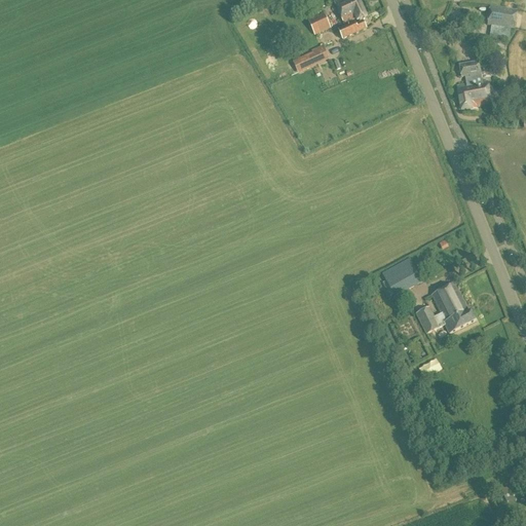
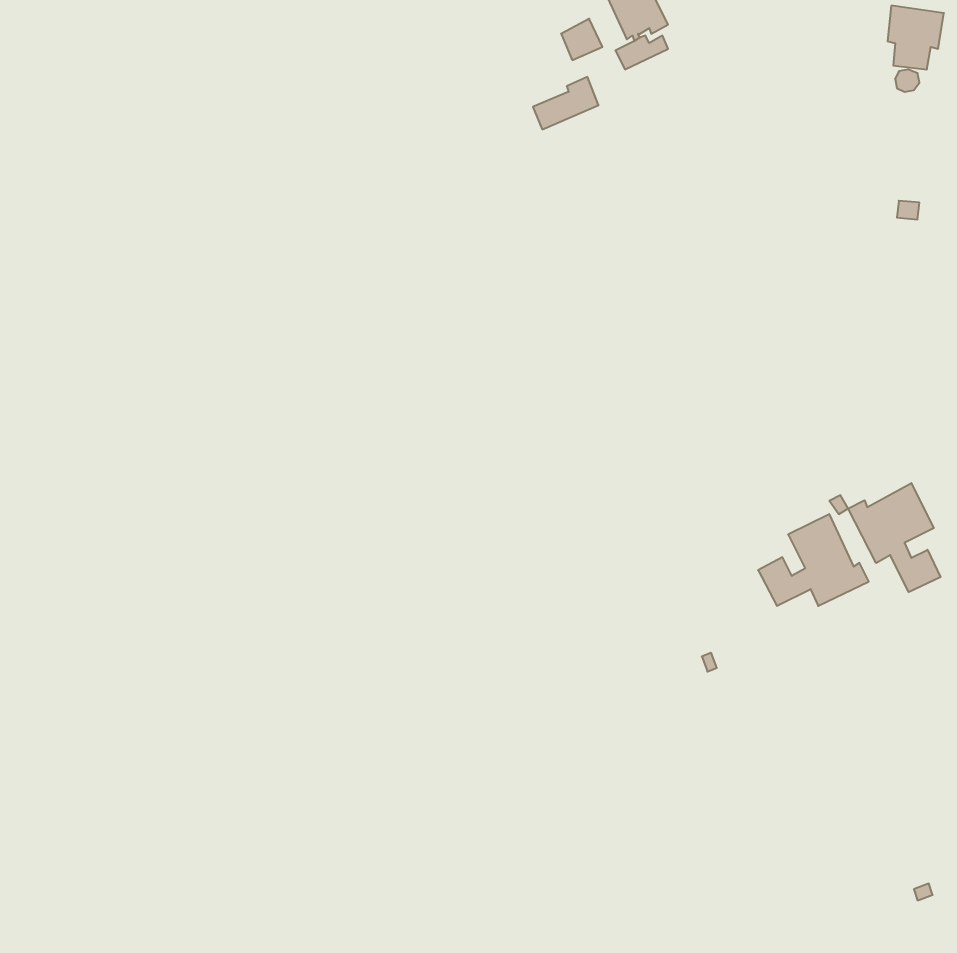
building: [456,60,490,109] -> none
building: [381,257,421,295] -> none
building: none -> [848,483,940,592]

